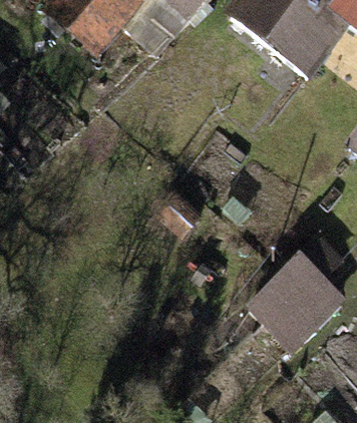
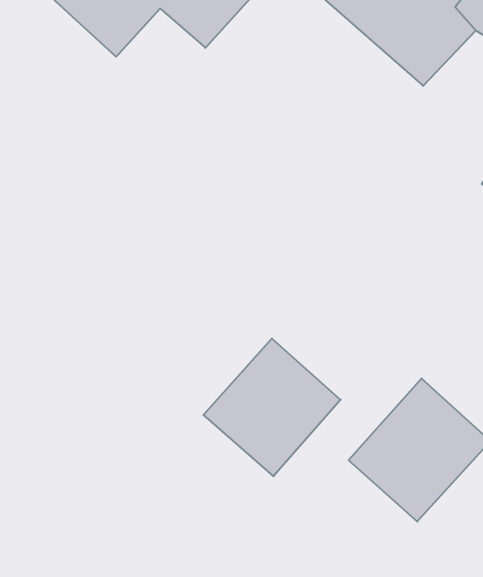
building: none -> [203,338,341,476]

